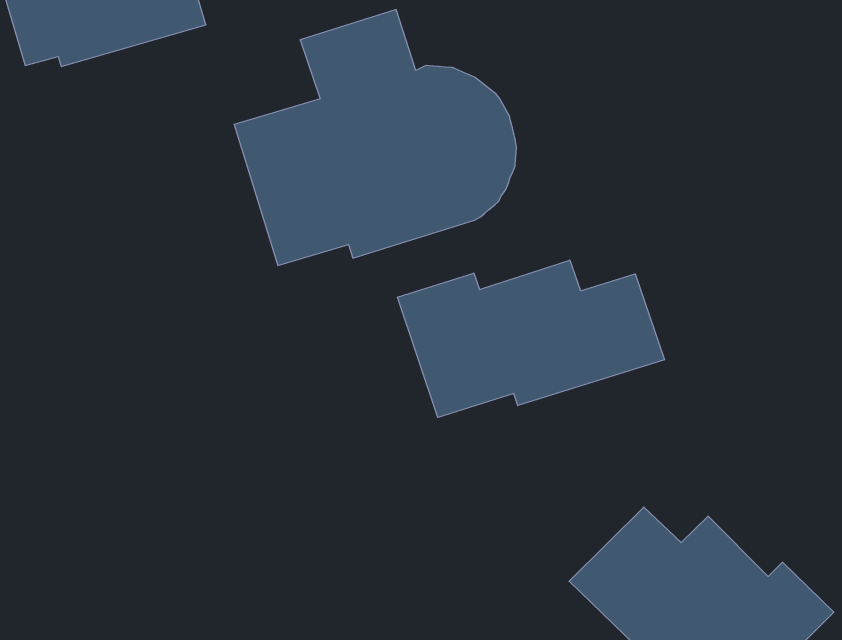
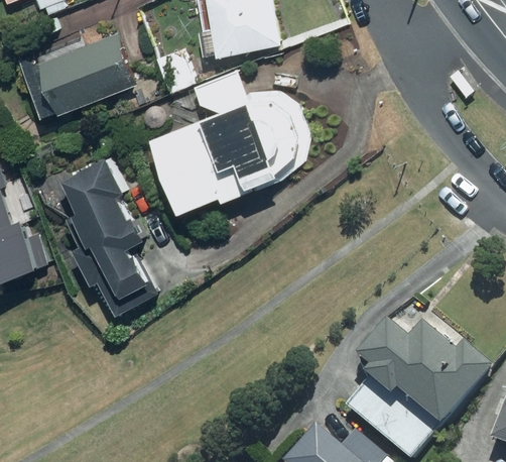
building: none -> [64,154,159,315]
building: [398,260,665,417] -> none

